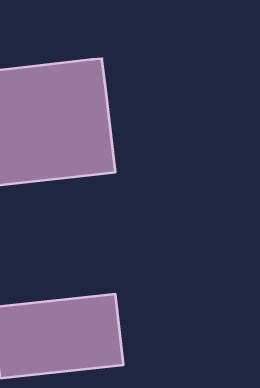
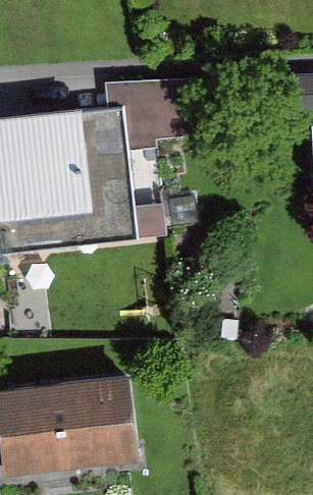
building: none -> [109,80,199,150]

